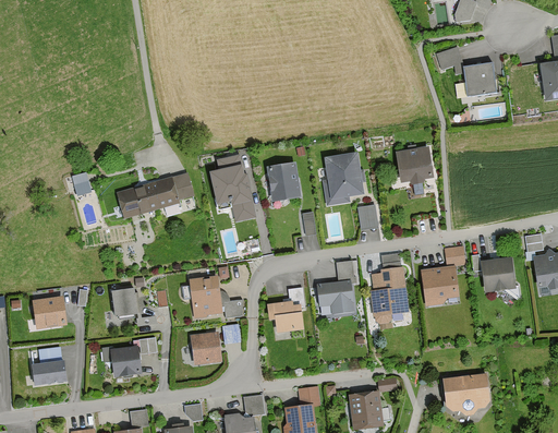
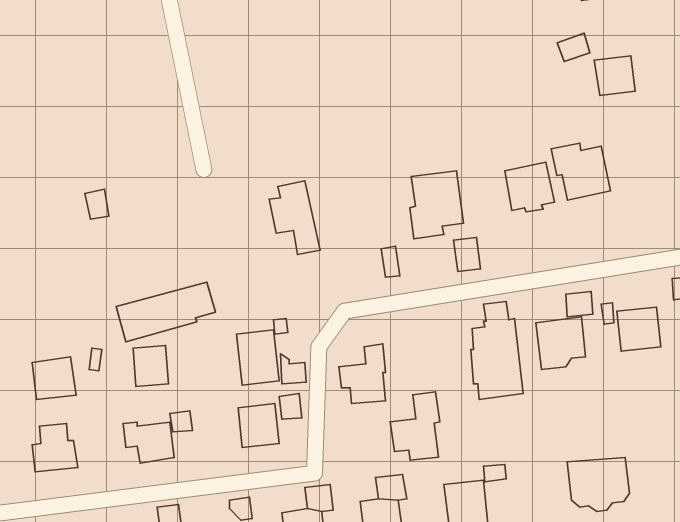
building: none -> [551,143,610,200]
building: [268,161,301,200] -> none
building: [118,173,194,219] -> [116,282,215,342]
building: [317,261,355,313] -> [390,392,440,460]

